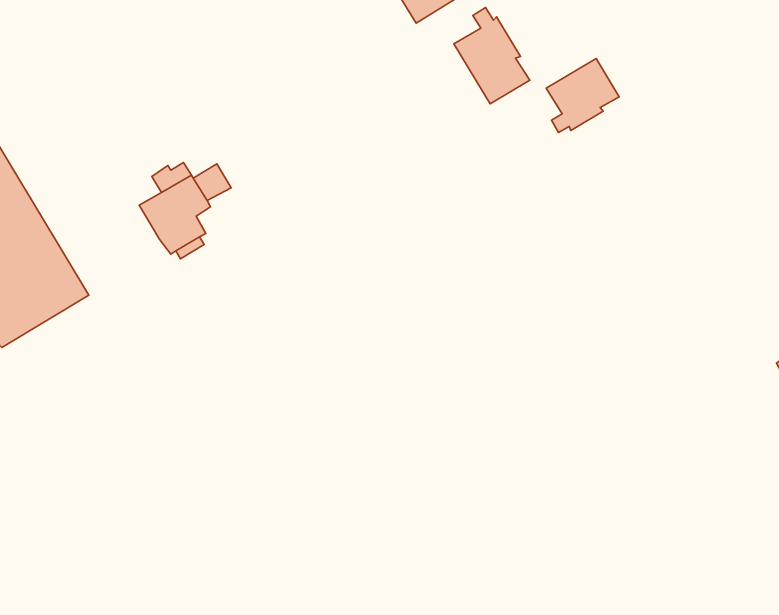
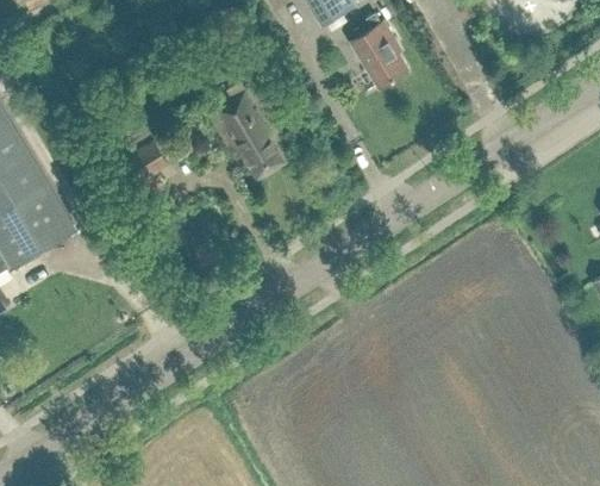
building: [546,58,619,133] -> none
building: none -> [207,85,286,179]

